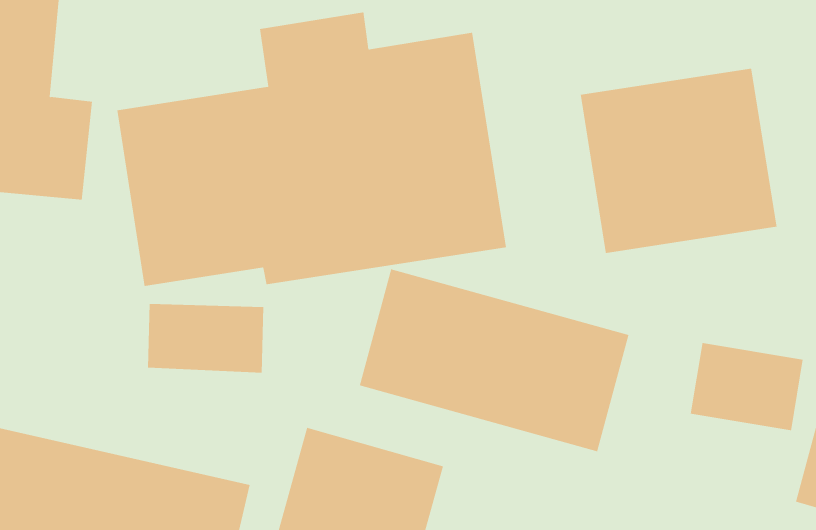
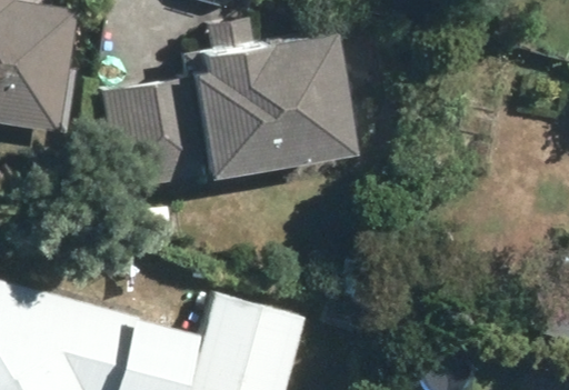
building: [580,68,777,254] -> none
building: [359,269,629,452] -> none

